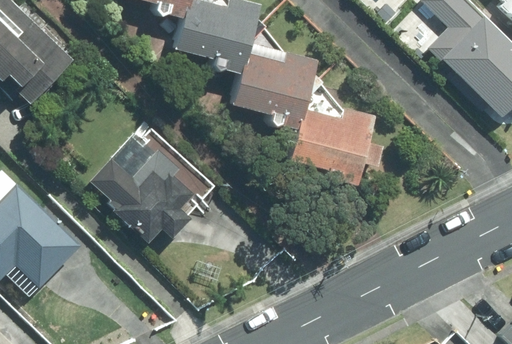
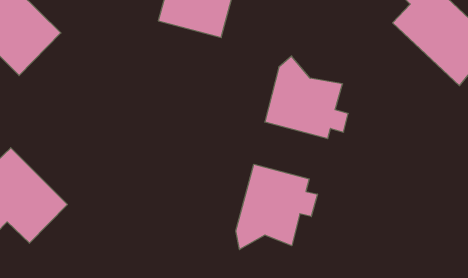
building: [236,44,316,120] -> none
building: [88,121,216,249] -> none
building: none -> [236,164,317,250]

